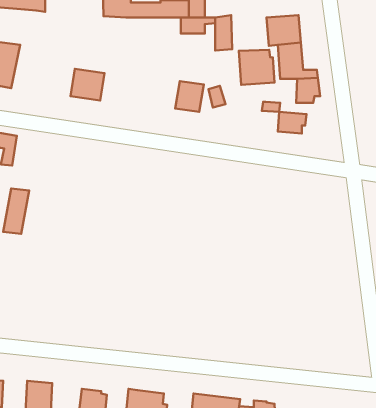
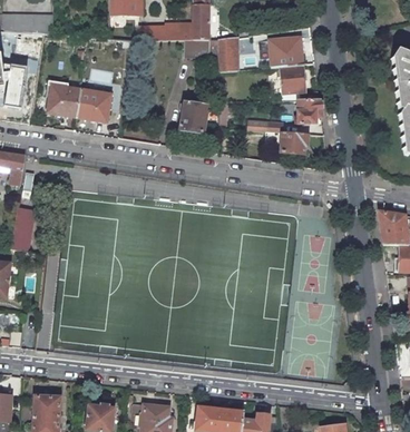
building: [239,50,274,85] -> none
building: none -> [48,84,82,116]

